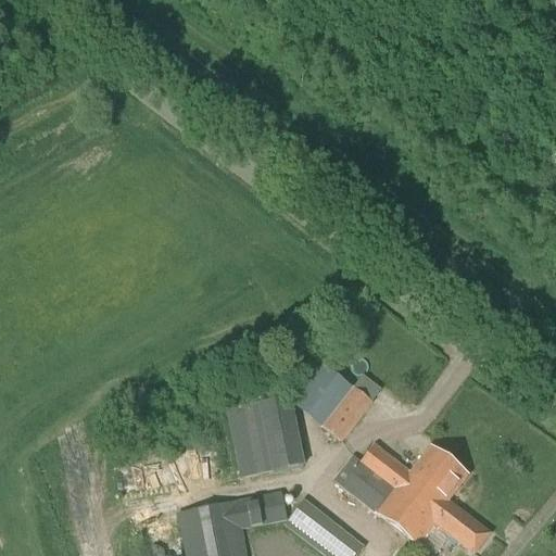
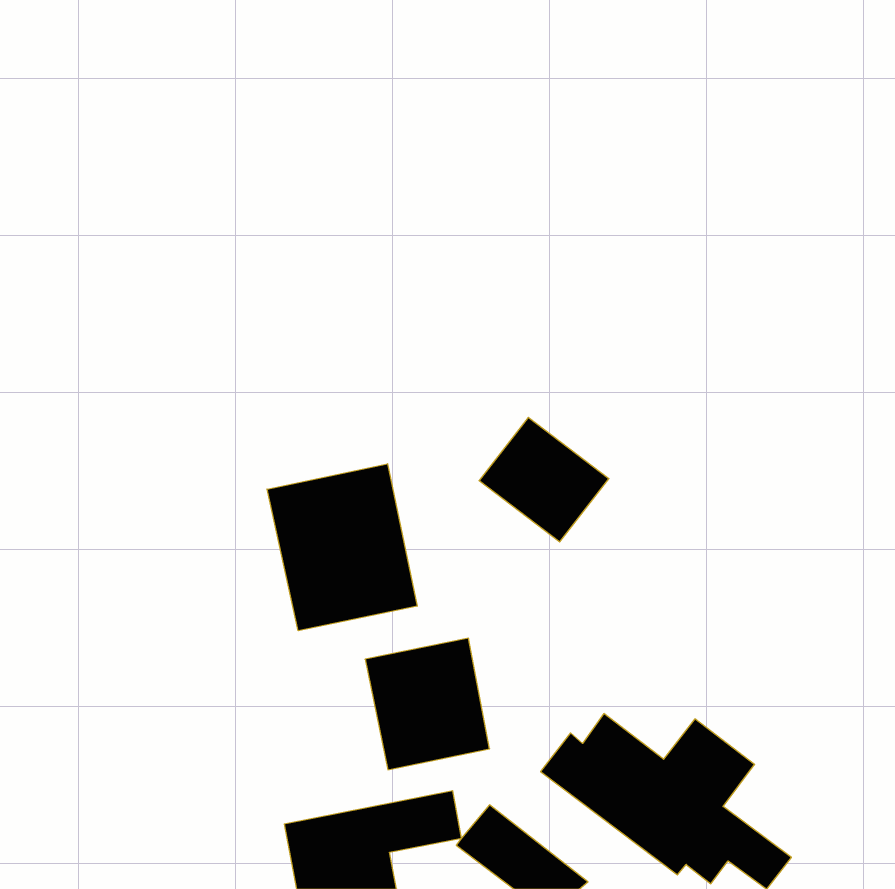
building: none -> [267,464,417,631]
building: [293,362,374,439] -> [479,417,609,542]

